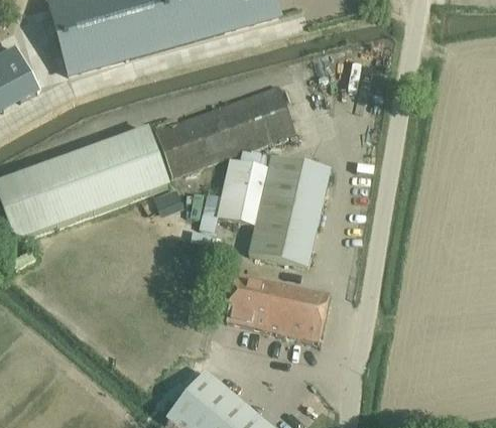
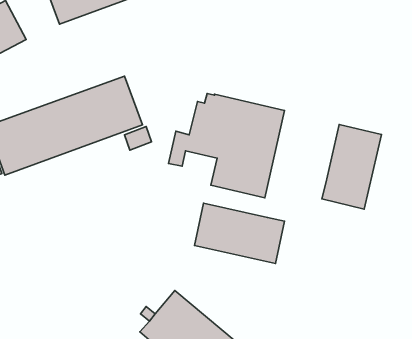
building: [154,84,295,174] -> none
building: none -> [322,124,381,209]

